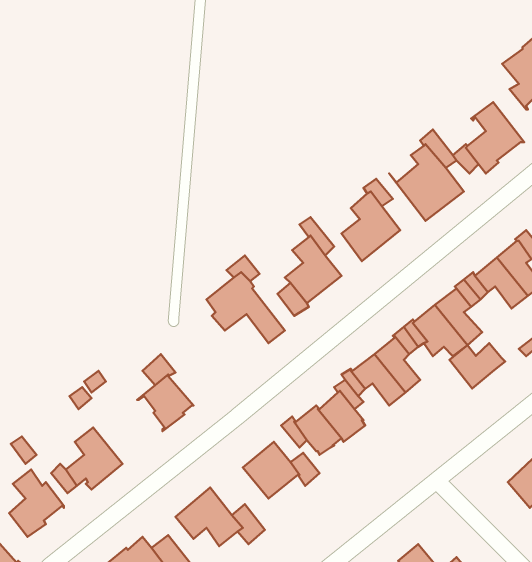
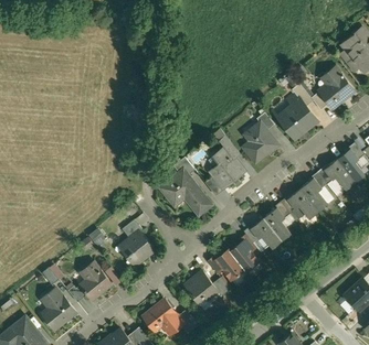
building: [449,343,505,388] -> none

